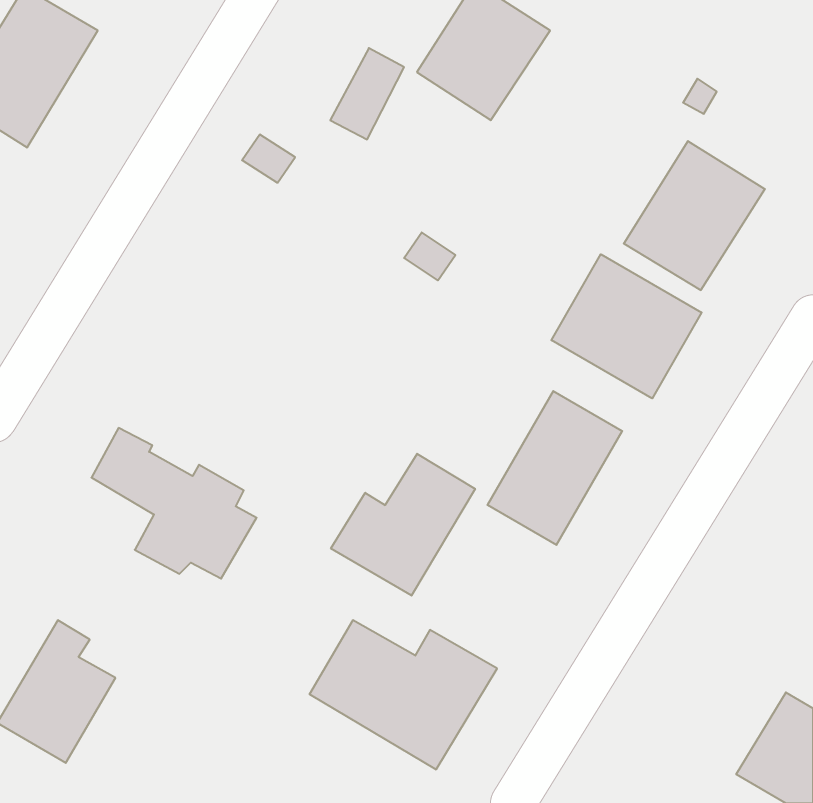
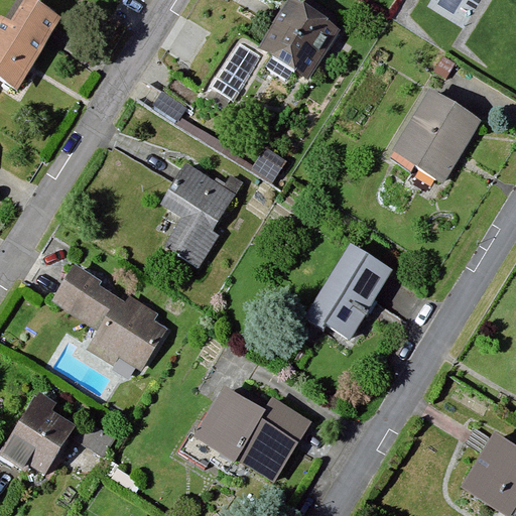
building: [551,254,702,398] -> none
building: none -> [158,161,237,262]
building: [331,454,475,596] -> none

